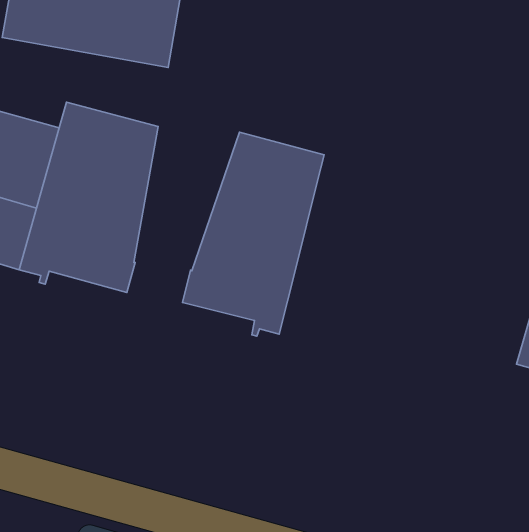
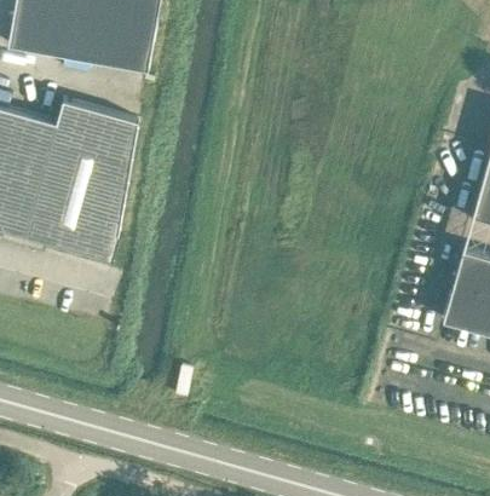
building: [183,132,324,336] -> none

